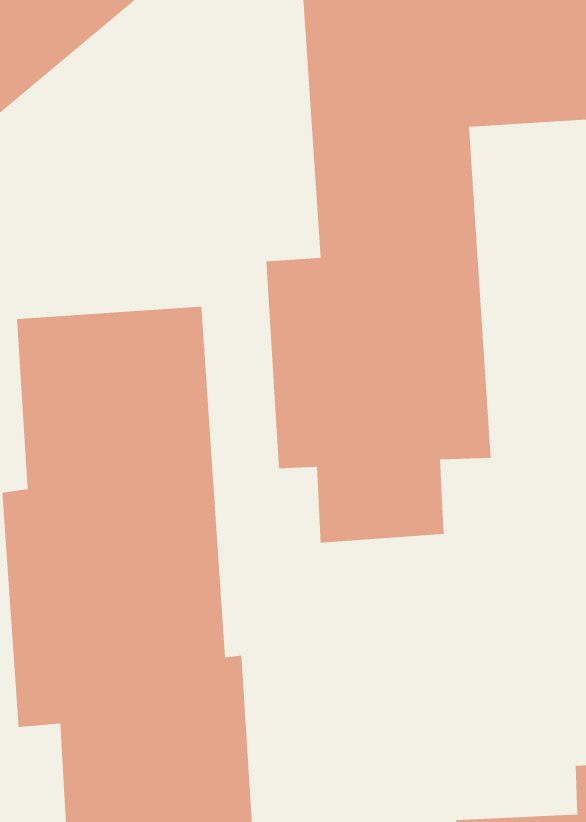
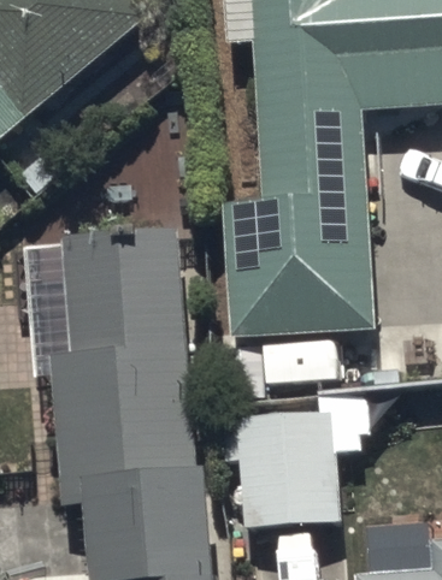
building: none -> [236,392,367,522]

